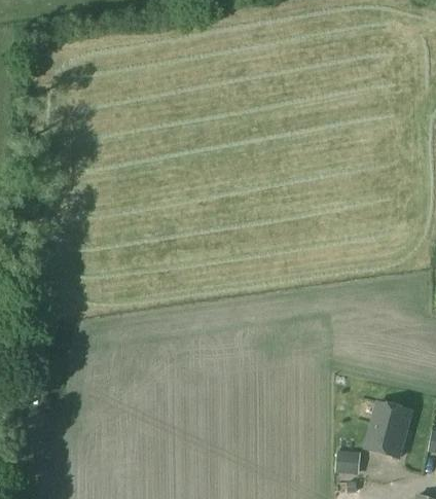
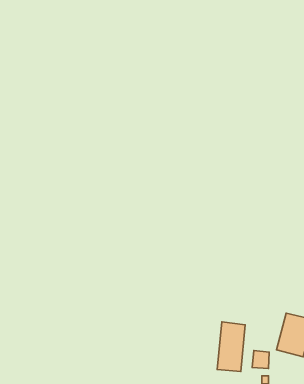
building: none -> [217,322,245,371]

